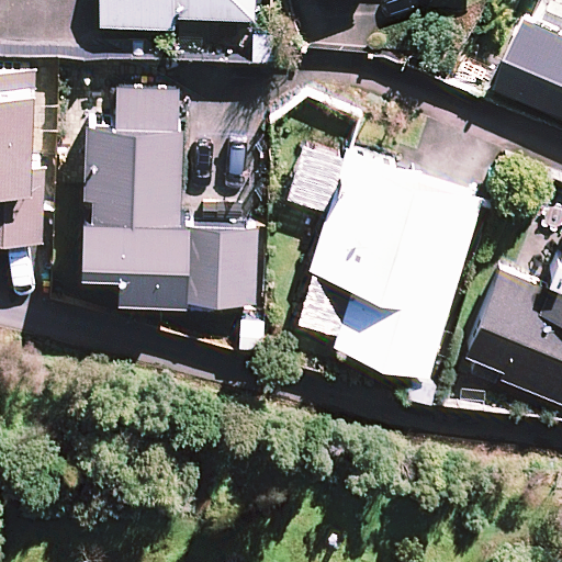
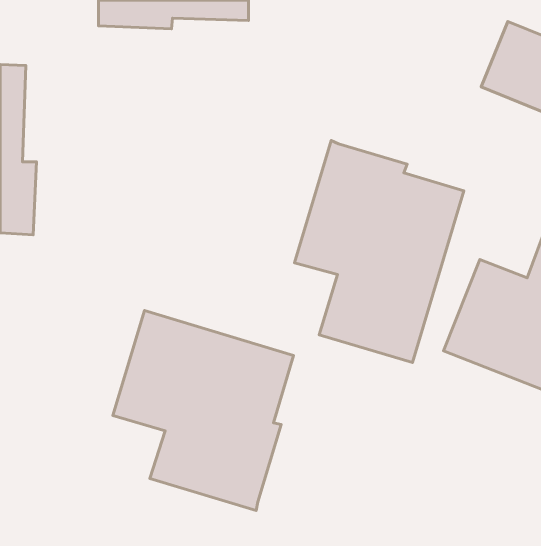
building: [75,87,259,302] -> none
building: none -> [113,311,293,511]

